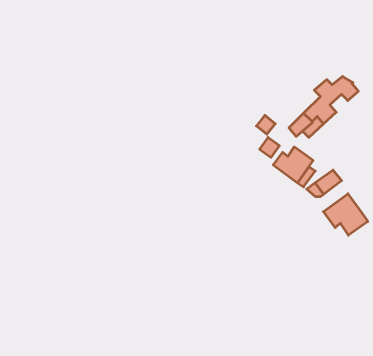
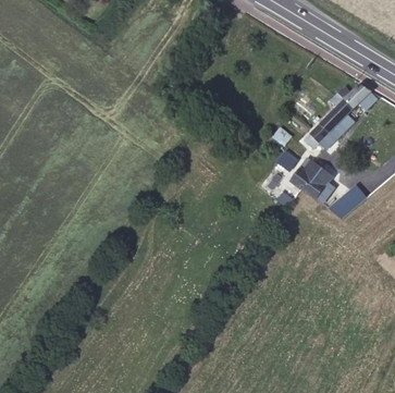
building: [323,194,368,235] -> none

